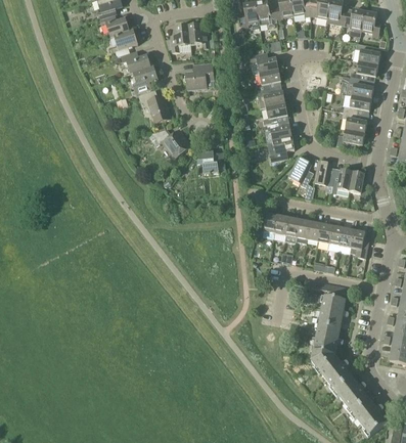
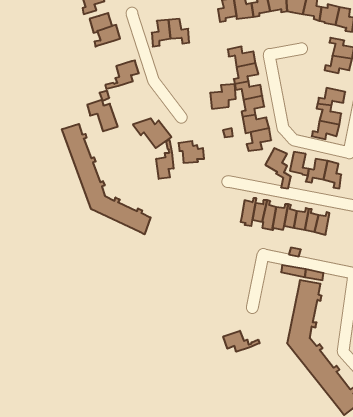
building: [121,50,150,73] -> none
building: [186,62,213,88] -> [210,84,236,109]
building: [347,76,373,98] -> none
building: [139,89,171,122] -> [87,100,118,131]
building: none -> [62,124,151,234]
building: none -> [156,140,174,179]
building: [350,224,369,257] -> none
building: none -> [223,331,260,352]

